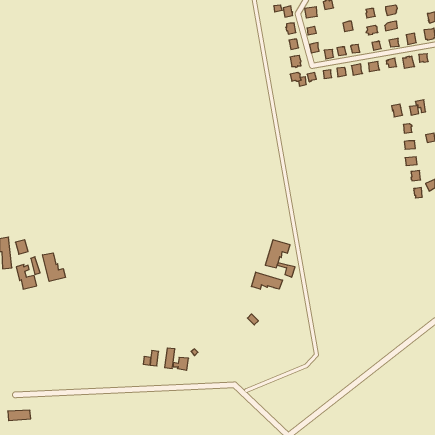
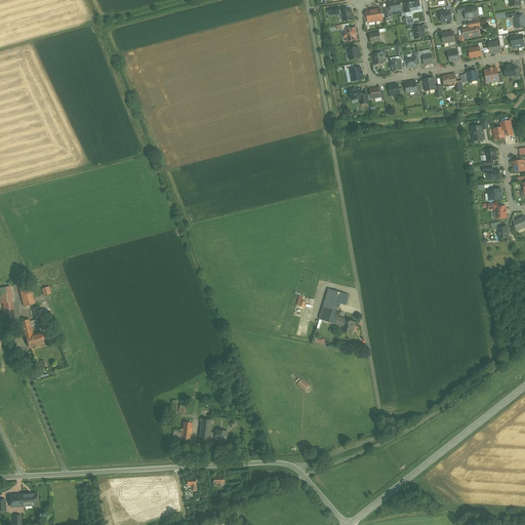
building: [43,253,65,281] -> none
building: [251,272,283,289] -> none

